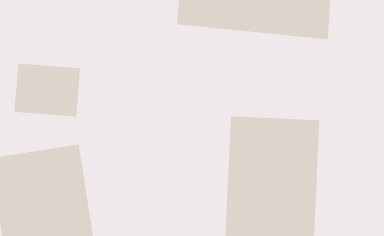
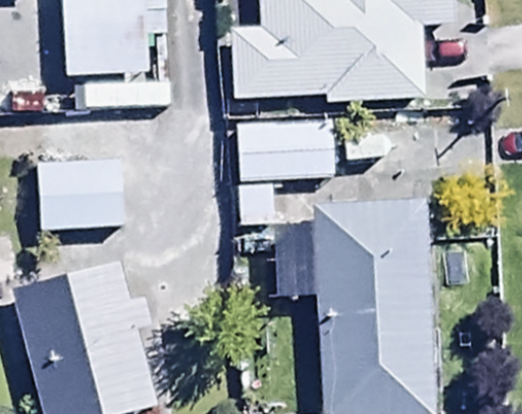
building: none -> [238,119,334,224]

